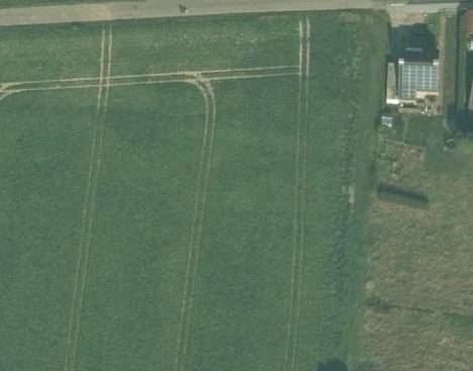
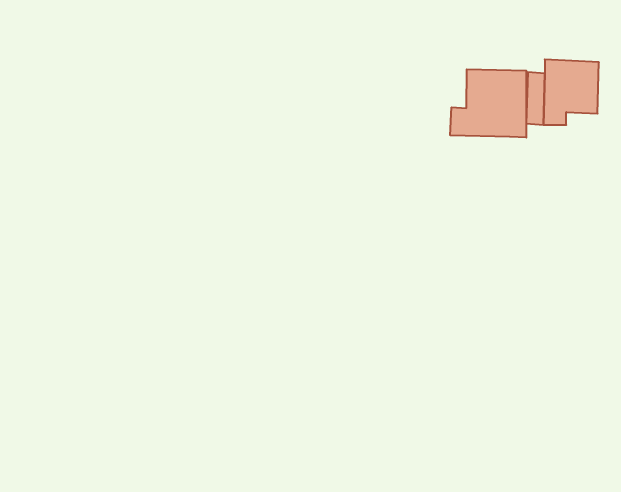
building: none -> [450,69,526,138]

